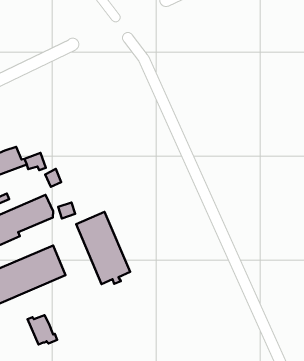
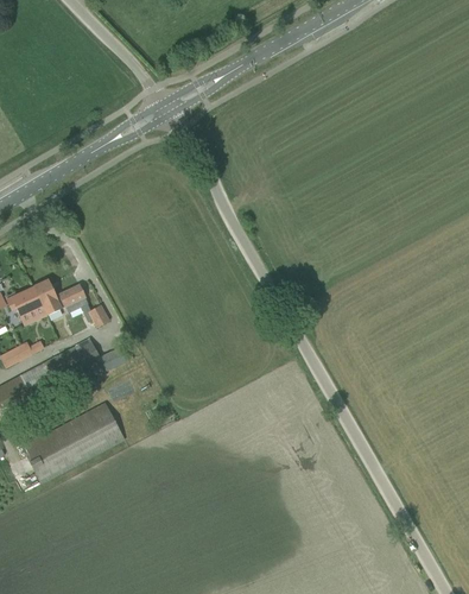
building: [76,212,130,284] -> none
building: [28,315,57,344] -> none

